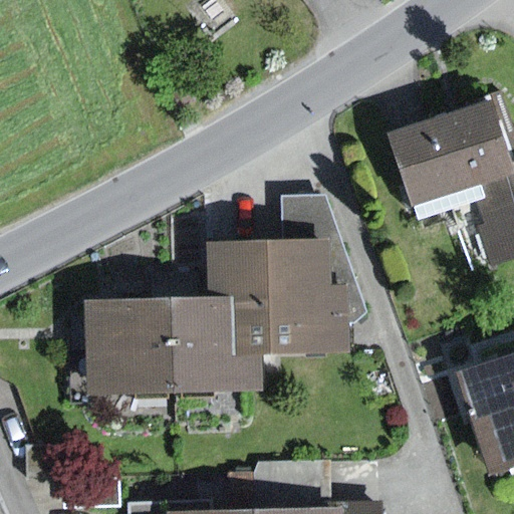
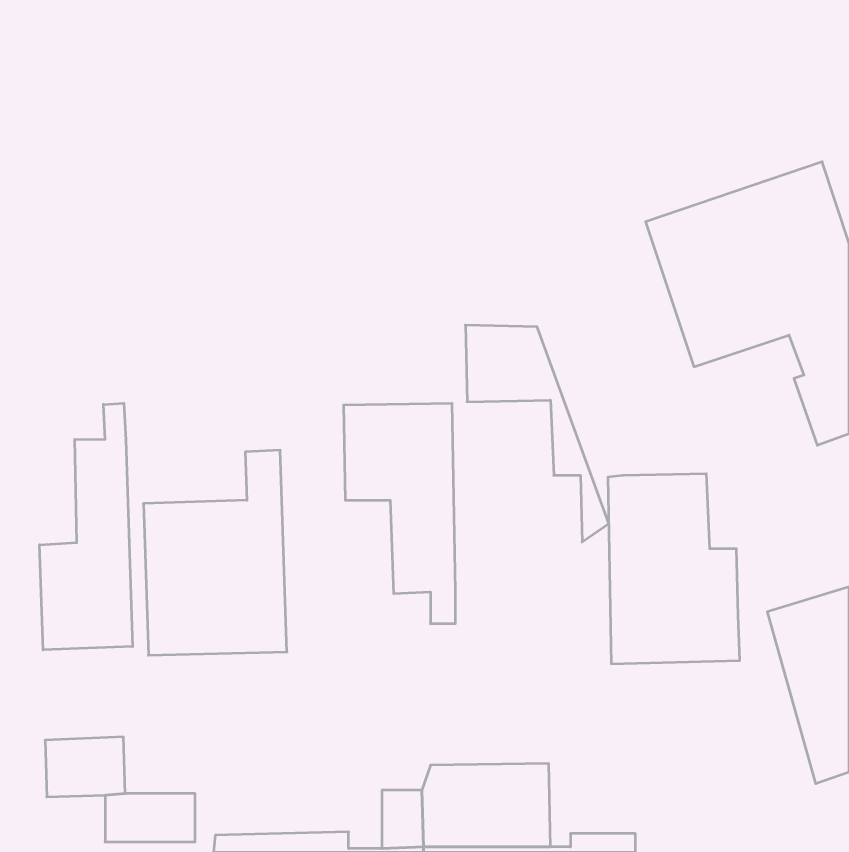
building: [272,241,351,355] -> [608,474,740,664]
building: none -> [40,403,133,650]
building: [169,270,260,393] -> none

